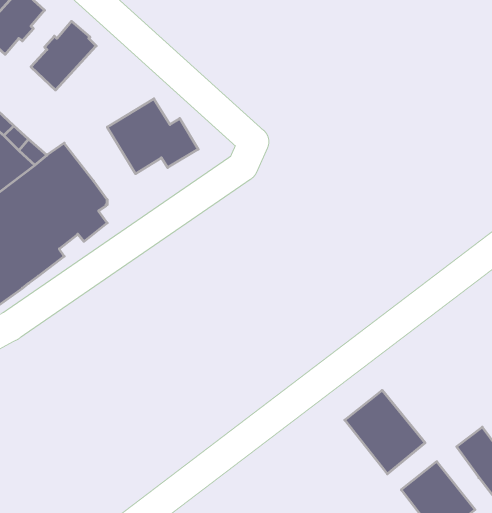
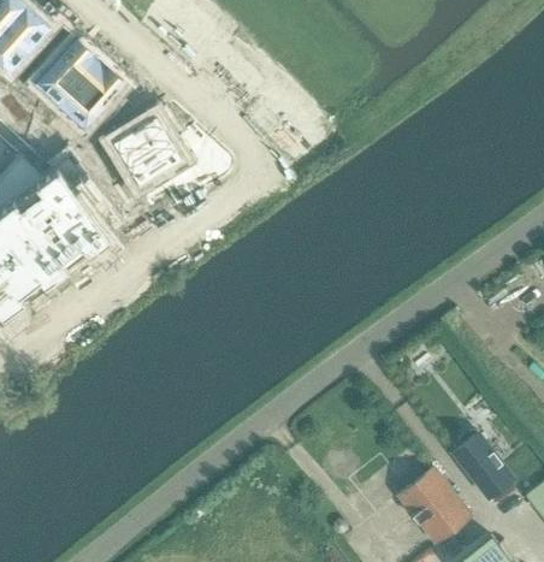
building: none -> [60,64,125,129]
building: [345,390,425,474] -> none

